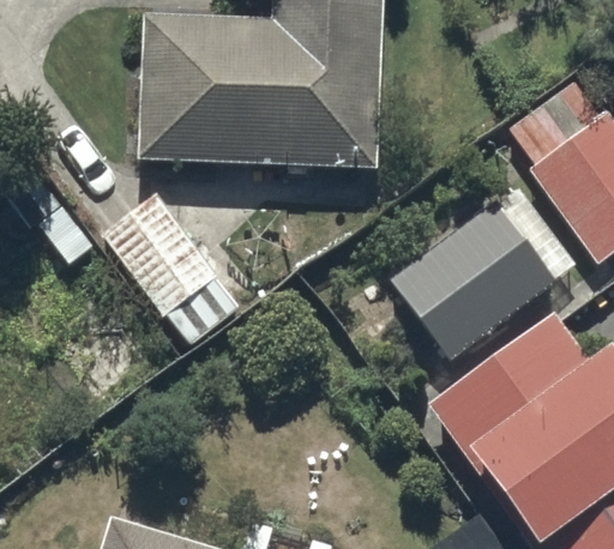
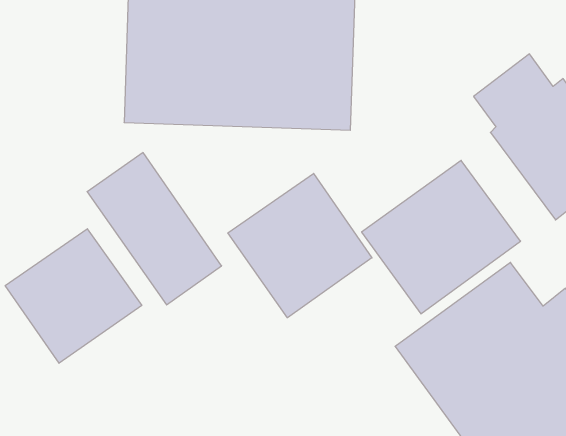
building: none -> [228,173,372,318]
building: none -> [5,229,142,363]

